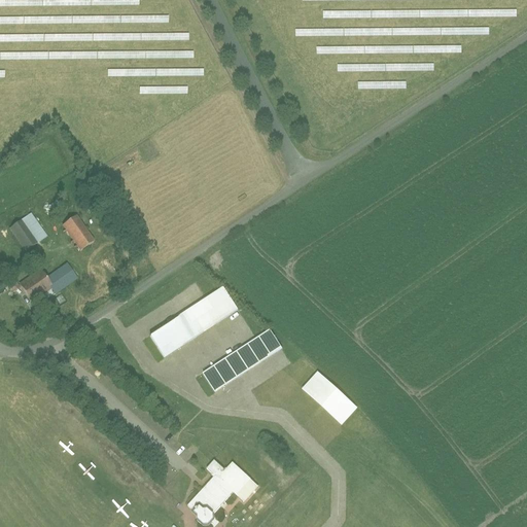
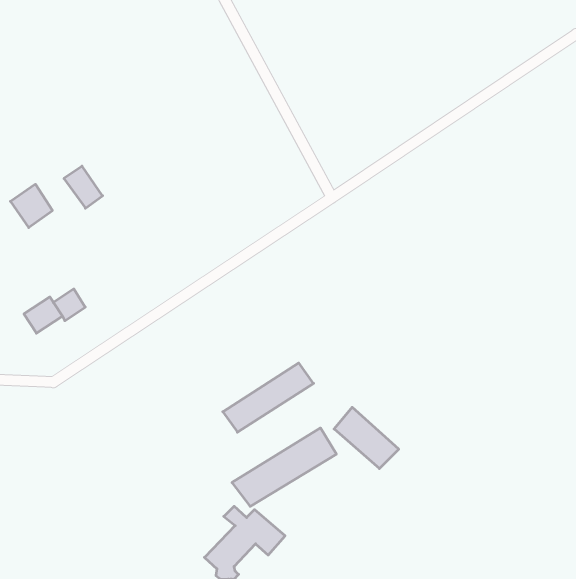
building: [8,211,46,250] -> [10,184,52,228]
building: [61,213,96,251] -> [64,166,103,208]
building: [145,285,240,356] -> [232,428,336,506]

